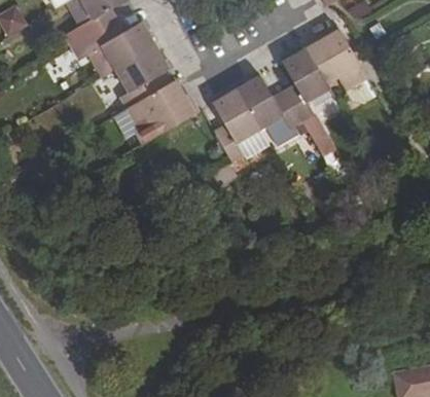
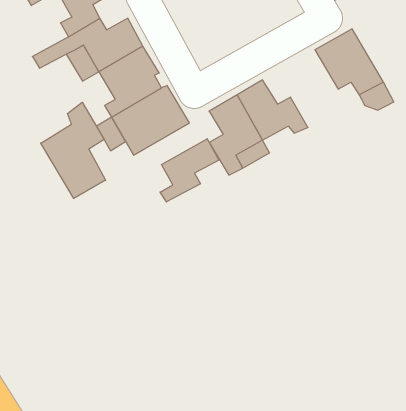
building: [283,47,332,151] -> none
building: none -> [41,102,106,198]
building: none -> [160,139,219,202]

